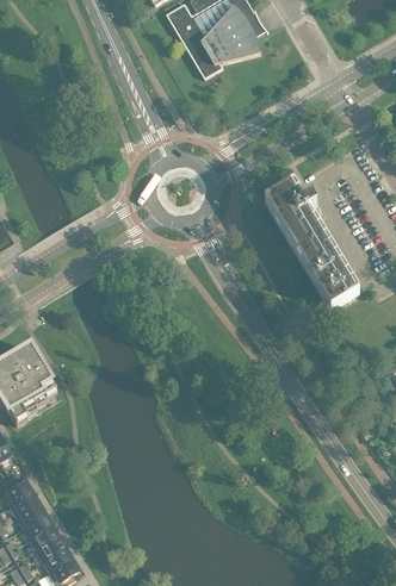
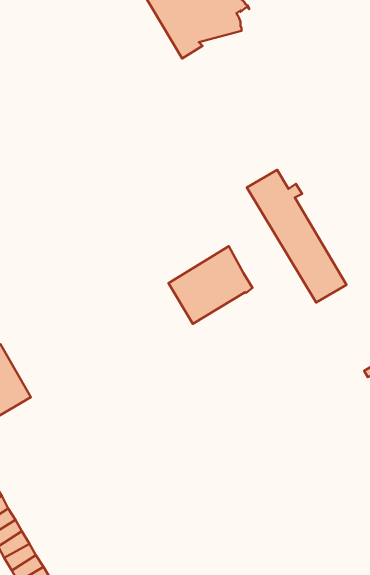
building: none -> [168,246,253,324]

